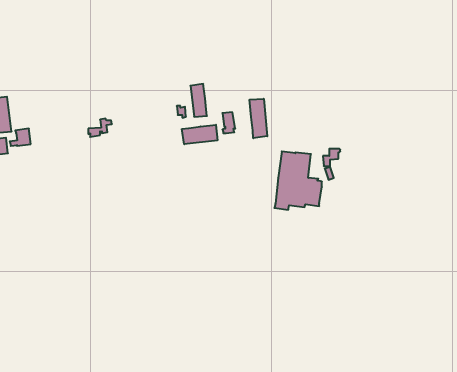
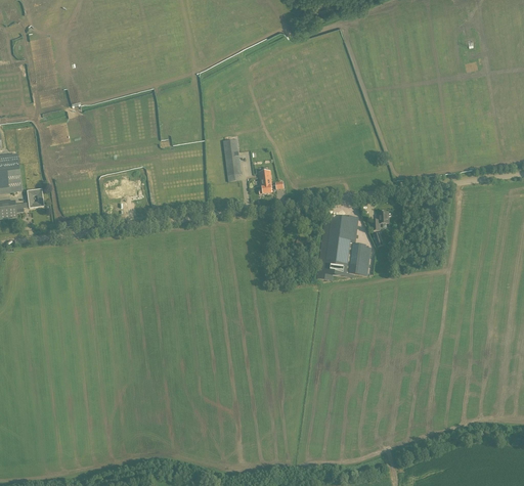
building: [250,99,267,138] -> none
building: [182,125,217,144] -> none

